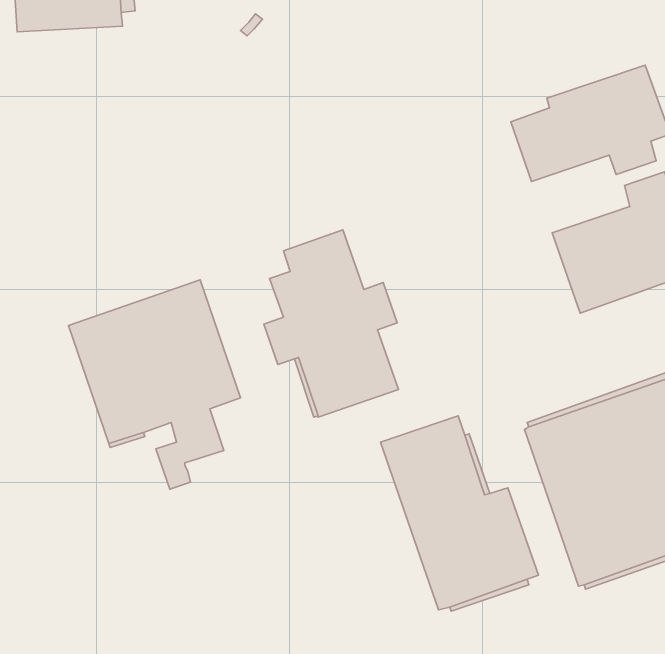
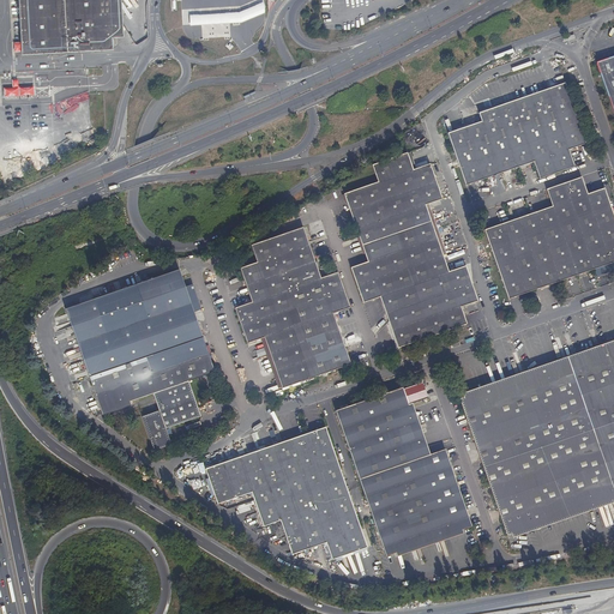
building: none -> [344,151,478,347]
building: none -> [206,426,368,558]

